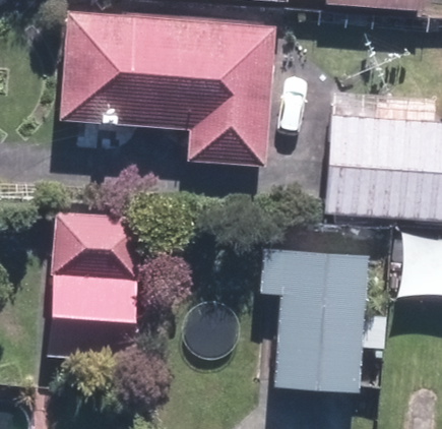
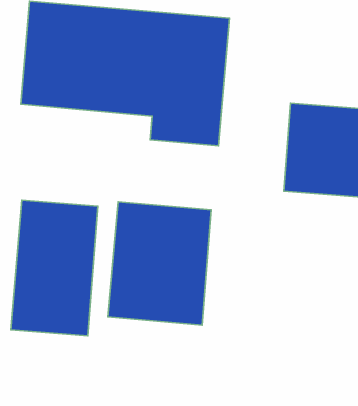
building: none -> [108,202,211,325]
building: [267,250,368,386] -> none

